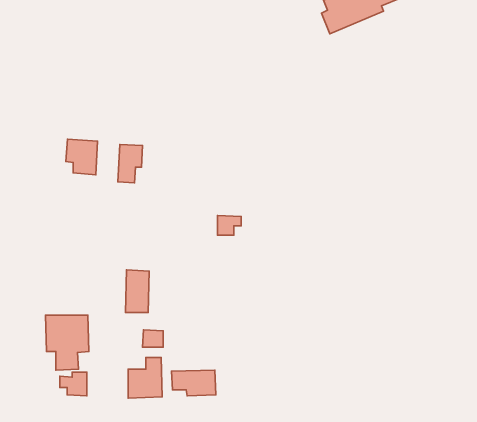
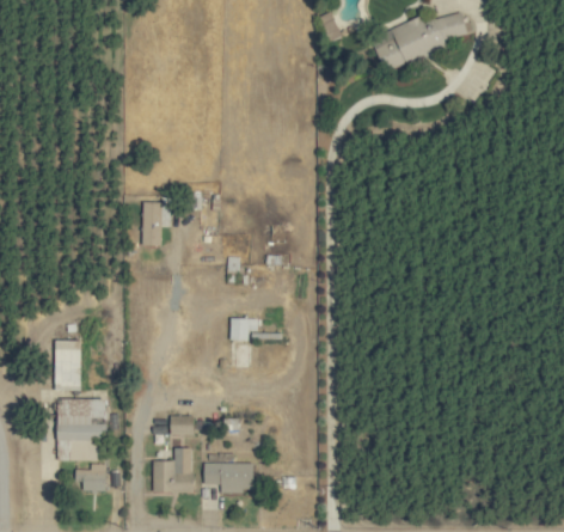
building: [66,139,98,175] -> none
building: [217,215,241,235] -> [229,317,257,340]
building: [125,270,149,312] -> [54,340,81,389]

